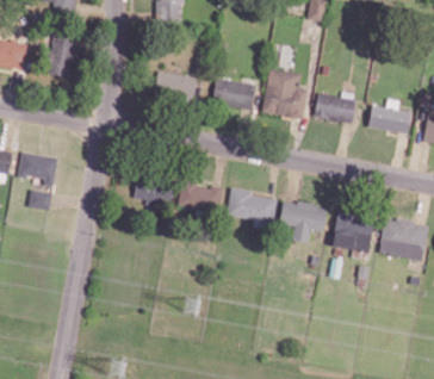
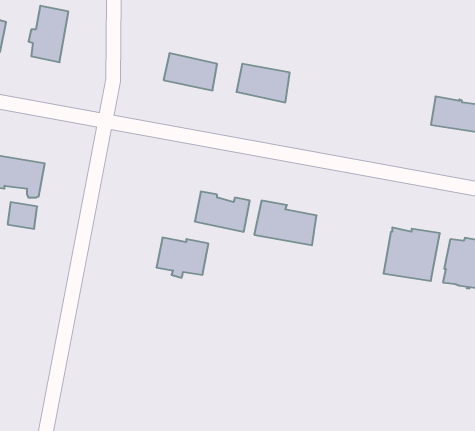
building: [262,68,309,119] -> none
building: [314,93,356,124] -> none
building: [134,175,175,207] -> [156,238,208,278]
building: [279,201,327,244] -> none

